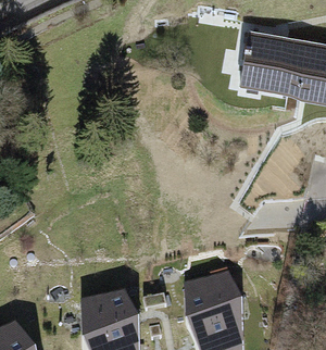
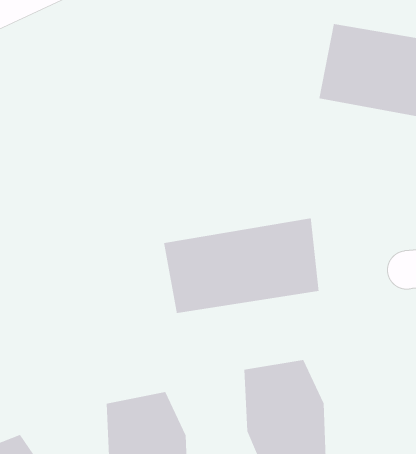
building: none -> [164,217,319,314]

